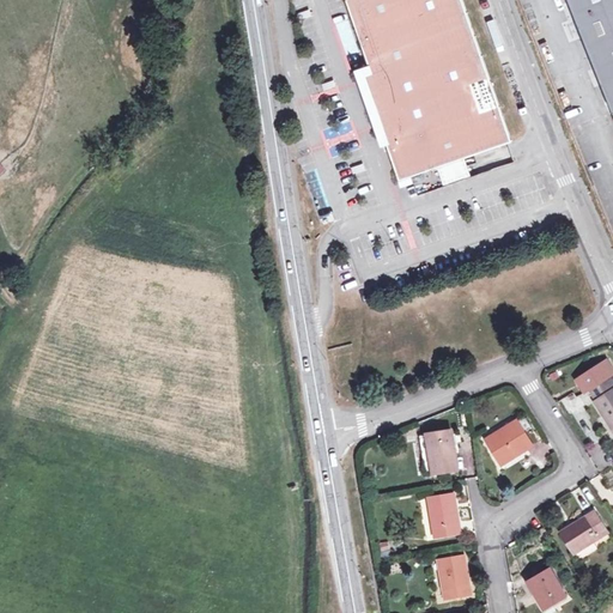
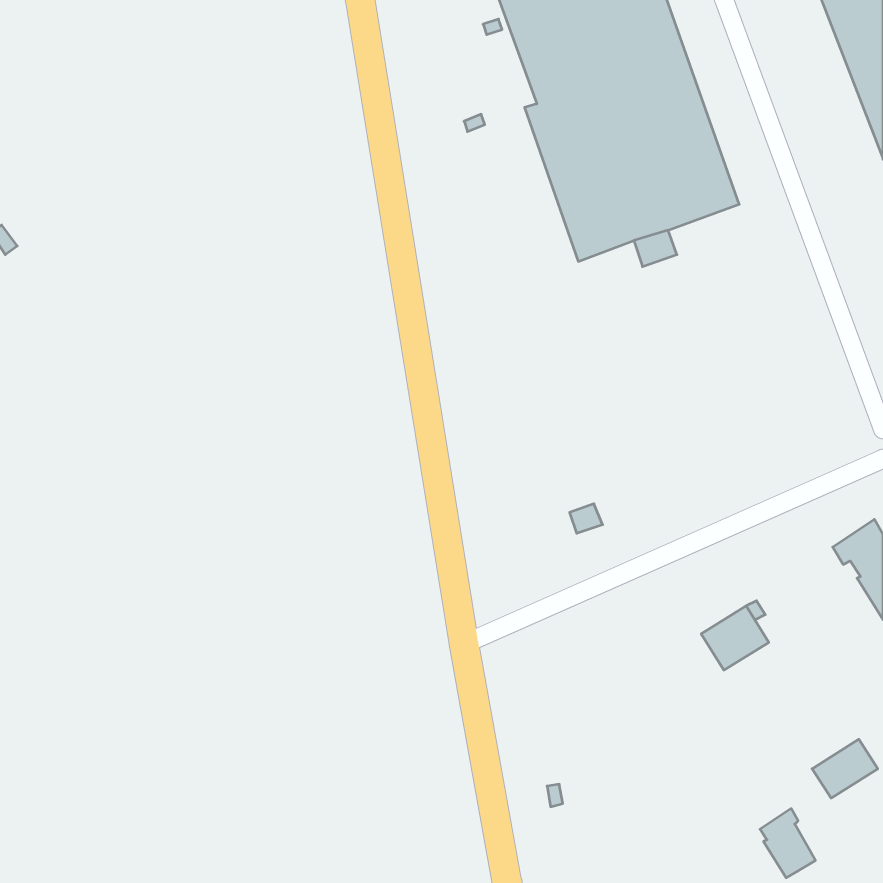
building: [426,430,457,472] -> none
building: [427,494,459,535] -> none
building: [438,557,469,597] -> none

